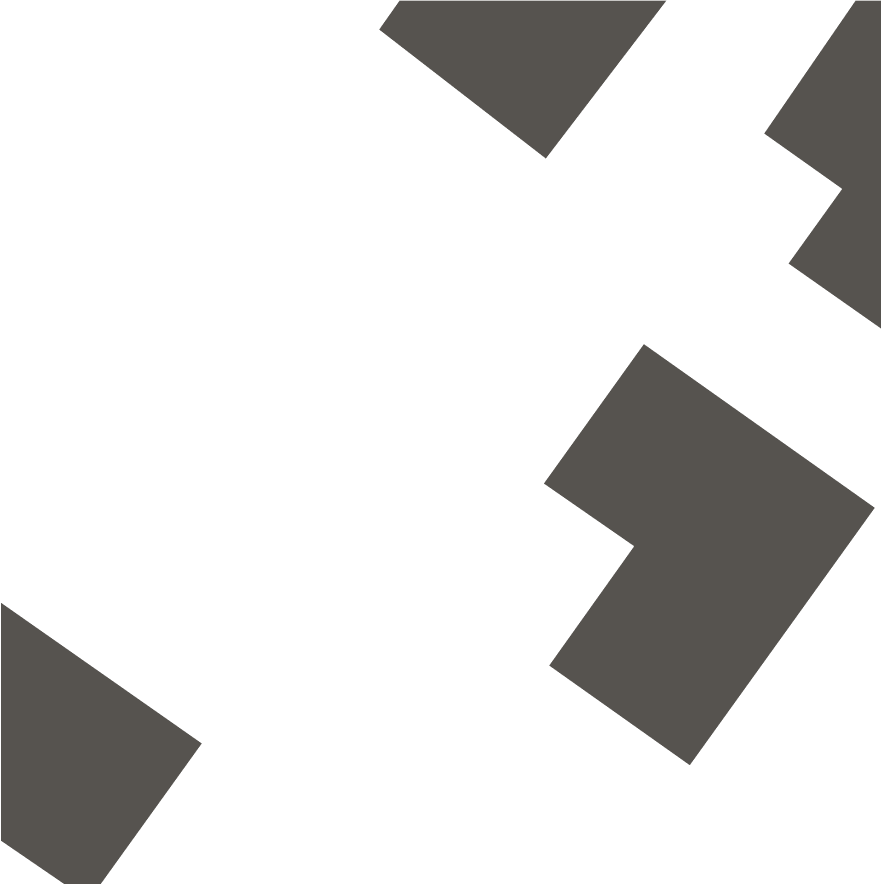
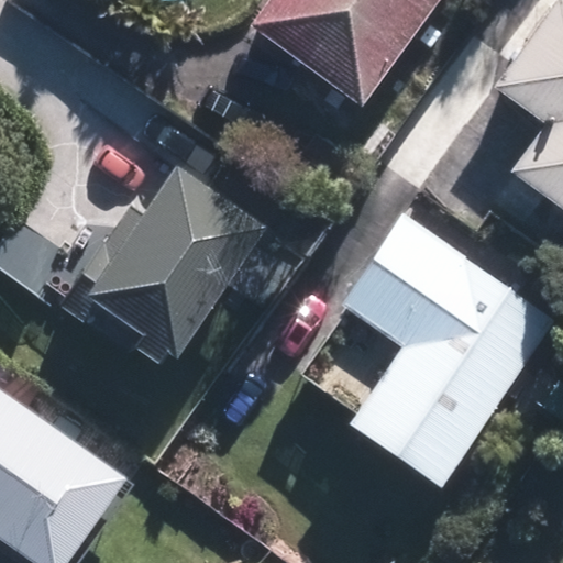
building: none -> [52,155,257,356]

